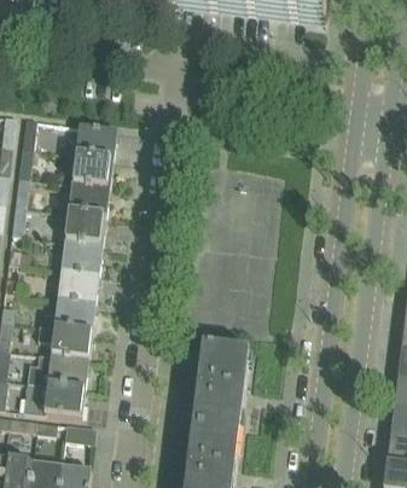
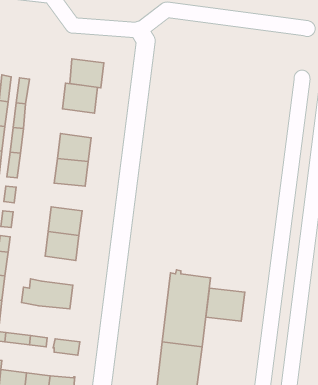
building: [74,152,114,186] -> [70,59,104,88]
building: [63,239,103,272] -> none
building: [37,323,92,359] -> none
building: none -> [206,288,245,321]
building: [24,379,85,416] -> none

